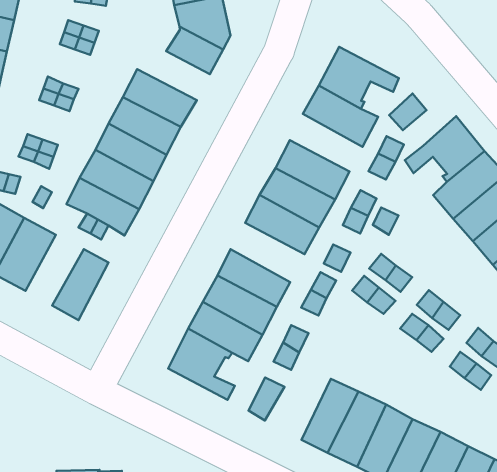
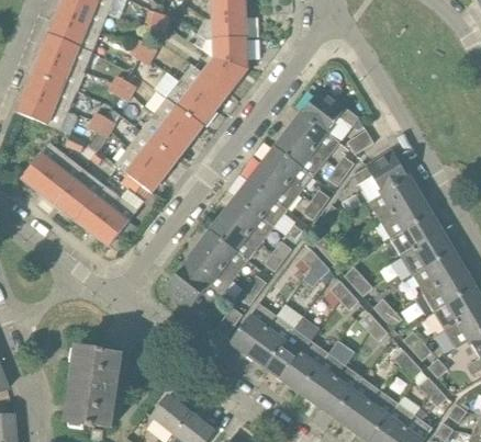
building: none -> [179,65,228,109]
building: none -> [276,131,325,175]
building: none -> [222,199,272,245]
building: none -> [76,184,121,233]
building: none -> [231,303,276,354]

